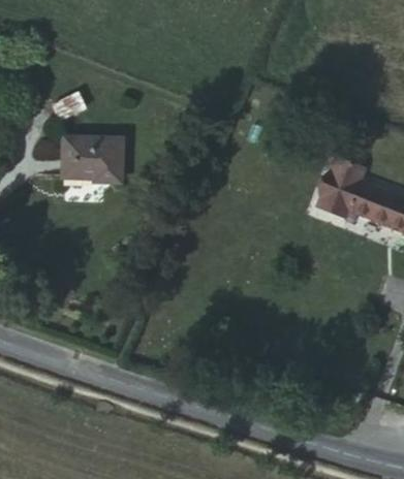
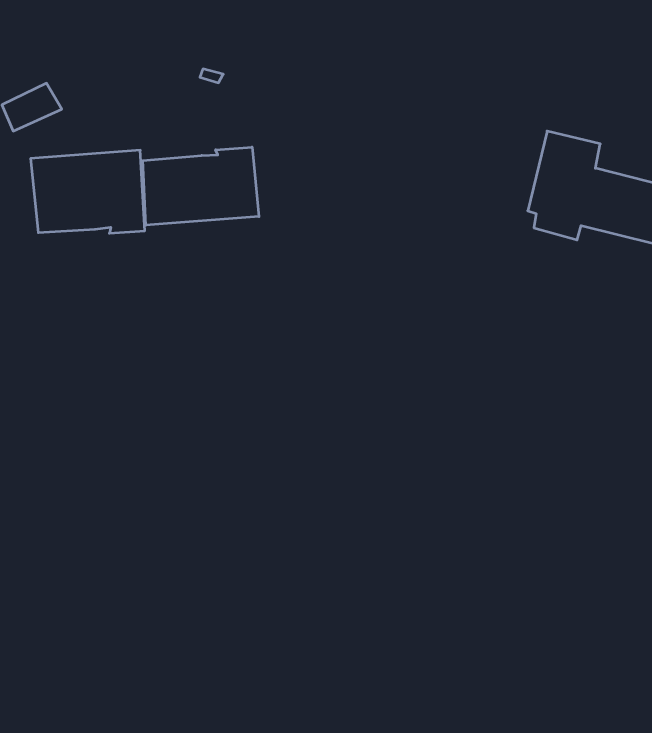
building: none -> [143,147,259,225]

